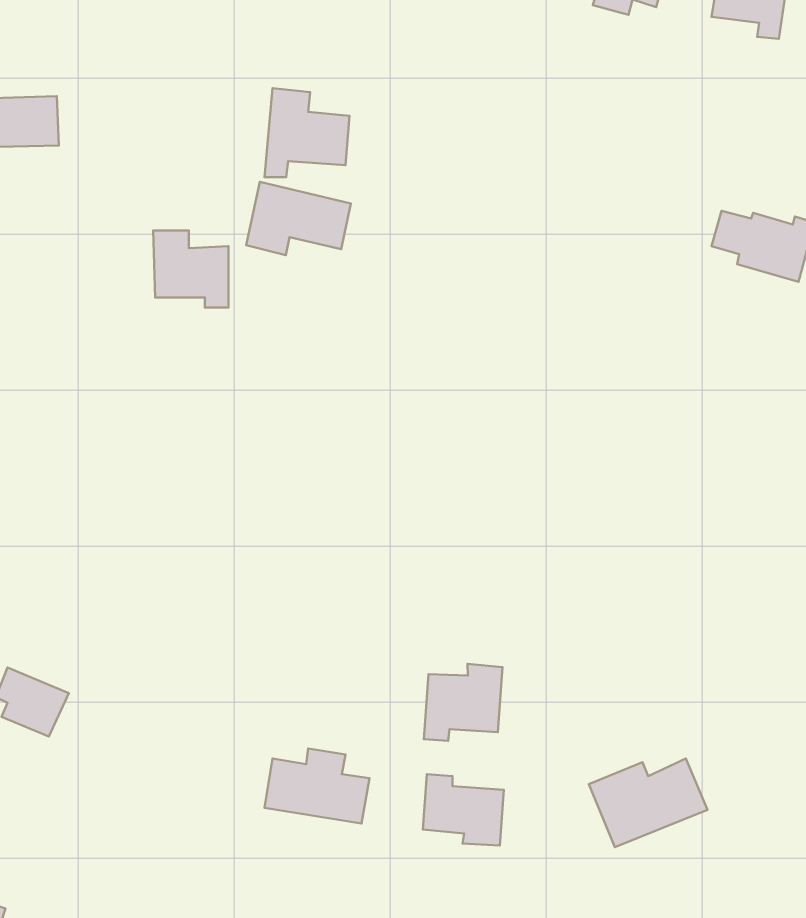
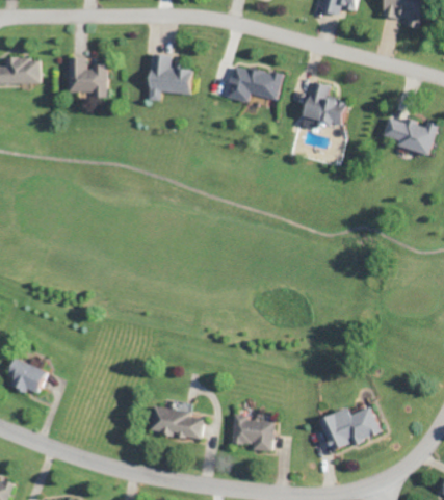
building: none -> [302,81,347,128]
building: [246,182,351,255] -> [228,63,283,102]
building: [153,230,228,308] -> [68,56,107,97]
building: [424,664,502,741] -> none

